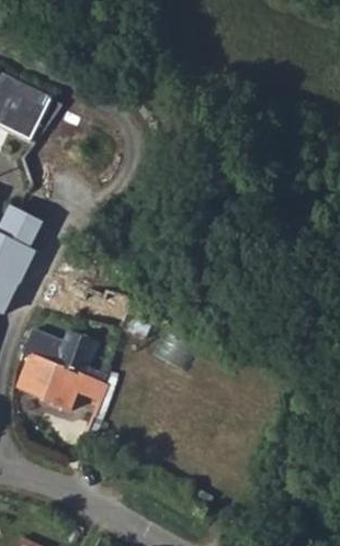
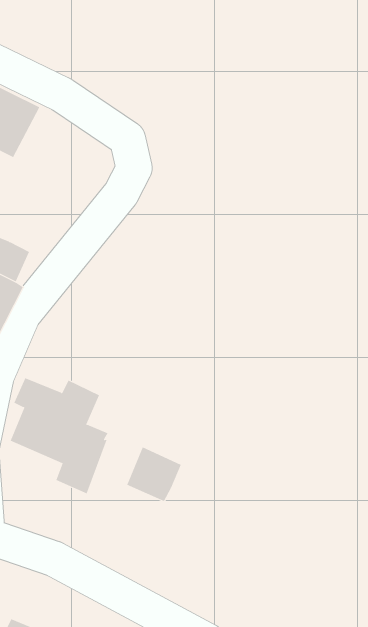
building: none -> [126,447,181,502]

